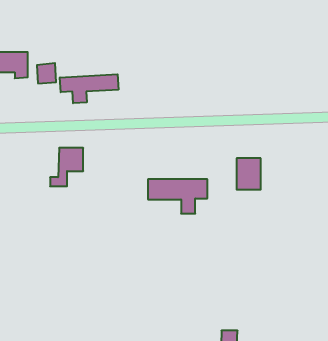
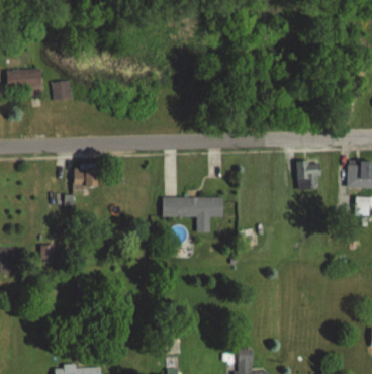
building: [60,74,118,103] -> none
building: [237,158,261,190] -> [296,158,320,189]

